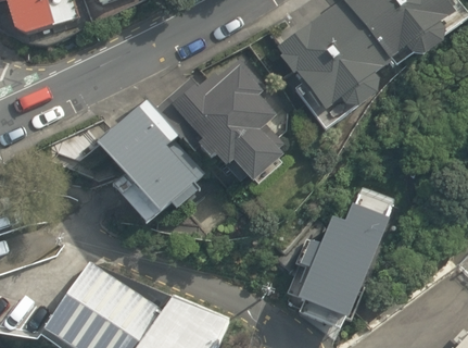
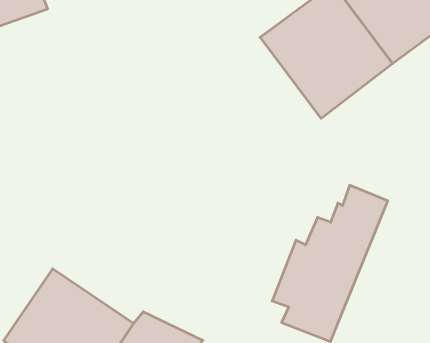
building: [159,63,293,191] -> none
building: [99,114,215,228] -> none

